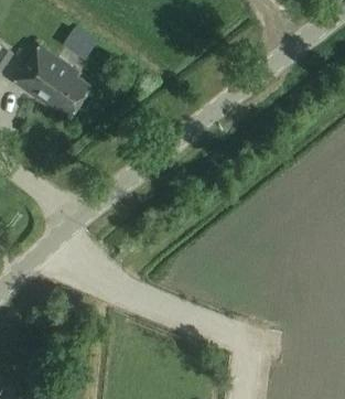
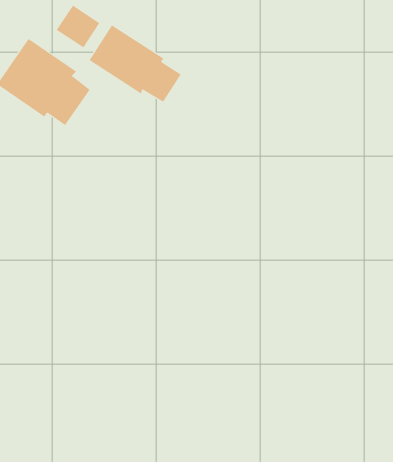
building: none -> [89,24,181,102]

